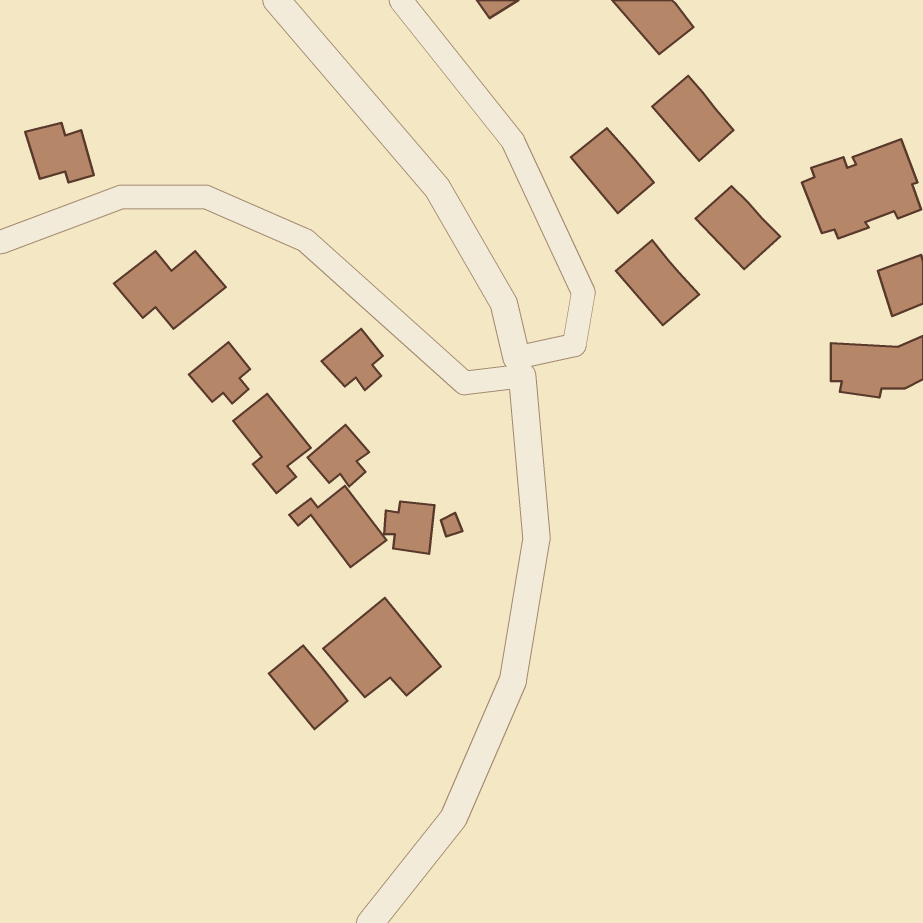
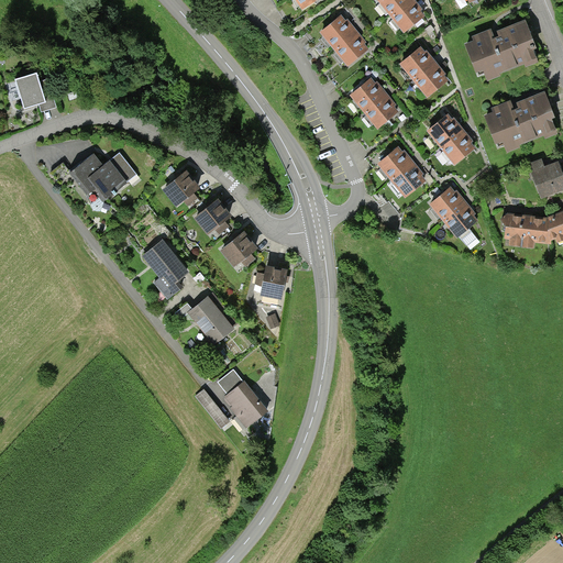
building: none -> [318,15,367,66]
building: none -> [466,19,539,79]
building: none -> [428,187,478,239]
building: [189,342,250,404] -> [163,170,200,208]
building: [308,425,369,486] -> [221,232,258,269]
building: [384,502,435,554] -> [257,264,288,296]
building: [269,645,347,729] -> none

